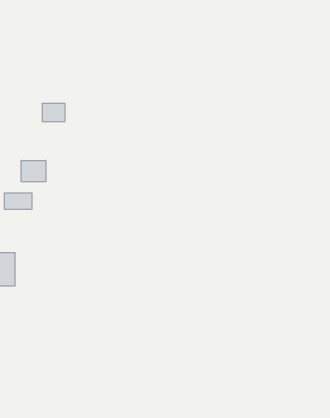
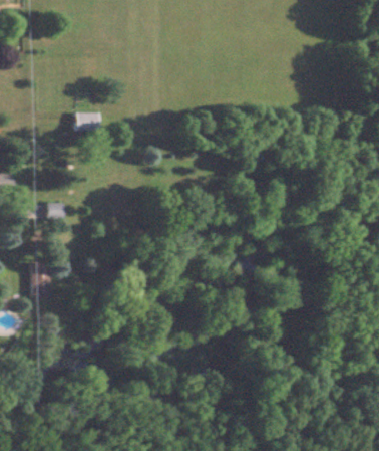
building: [21,160,46,182] -> none

